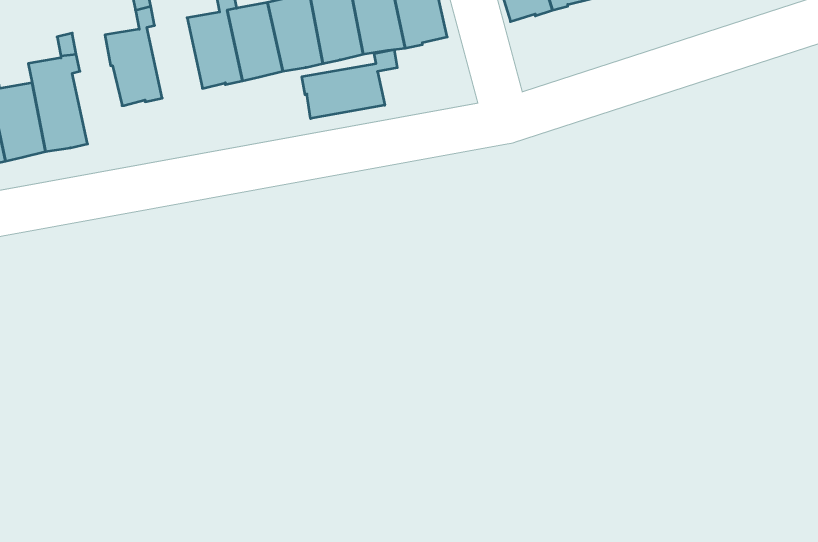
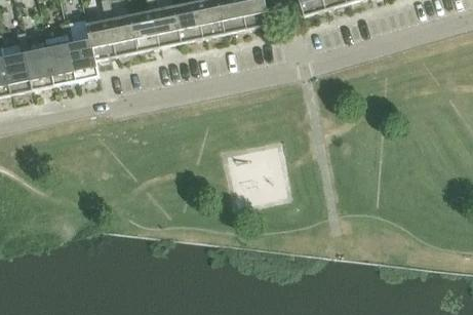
building: none -> [109,12,139,55]
building: [302,50,397,119] -> none
building: none -> [69,38,100,80]

